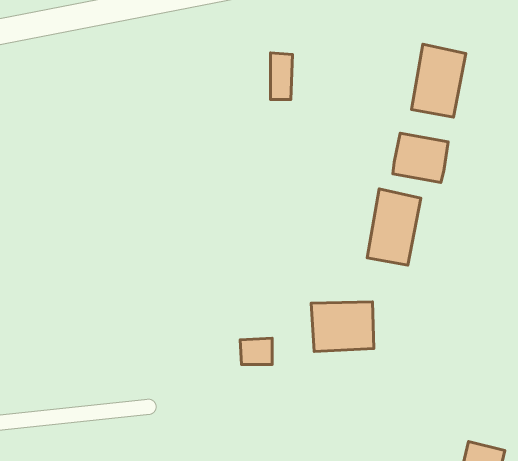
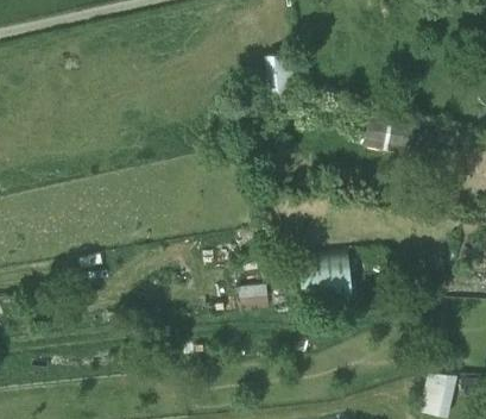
building: [411,44,466,117] -> none
building: [367,189,421,265] -> none

